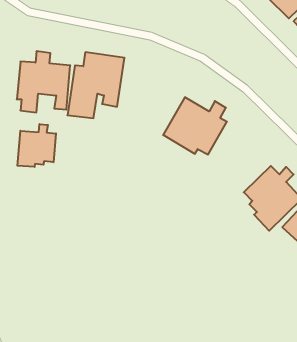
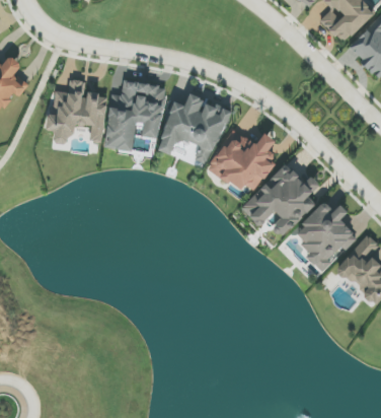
building: none -> [155,93,229,163]
building: [17,124,56,167] -> none
building: none -> [240,162,319,235]

